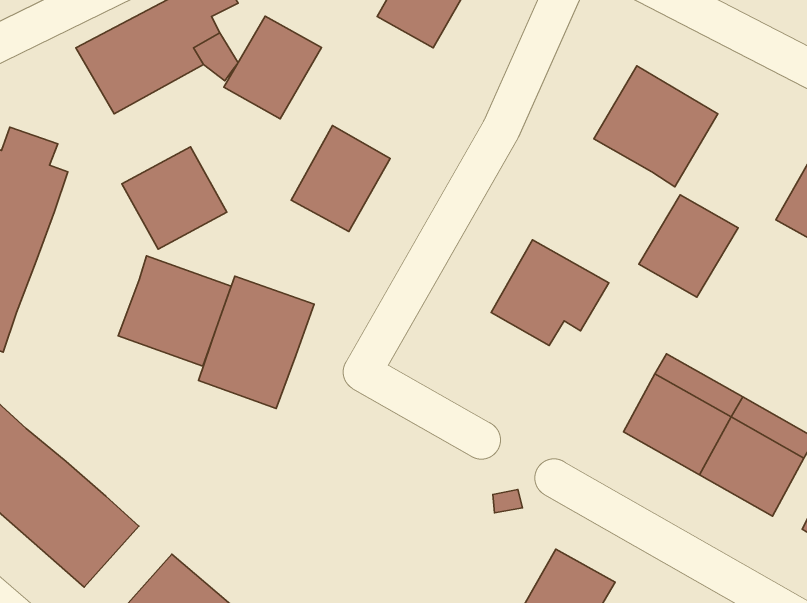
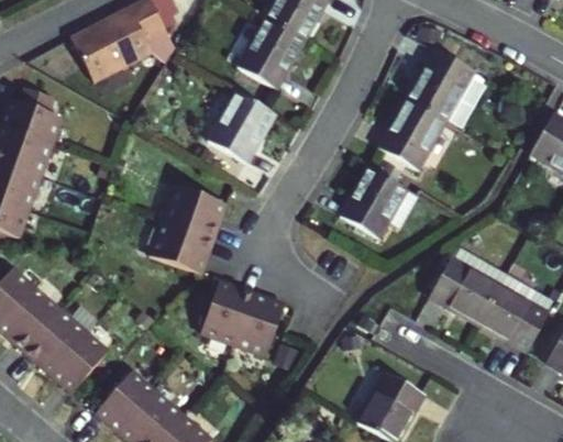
building: [224,16,321,119] -> [239,18,303,86]
building: [122,147,227,249] -> none
building: [639,195,738,297] -> [383,99,449,167]
building: [118,256,231,366] -> none
building: none -> [199,285,283,361]

